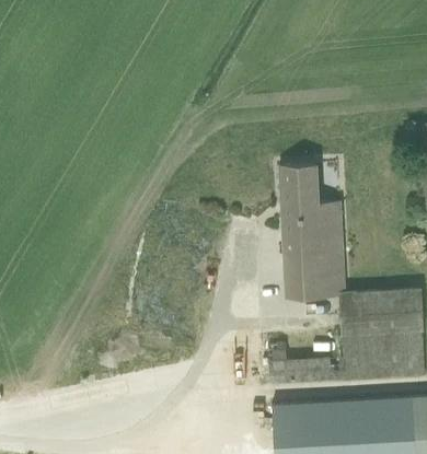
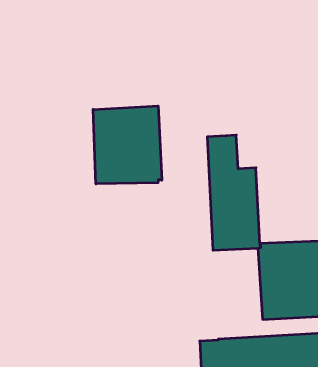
building: none -> [93,106,162,184]

